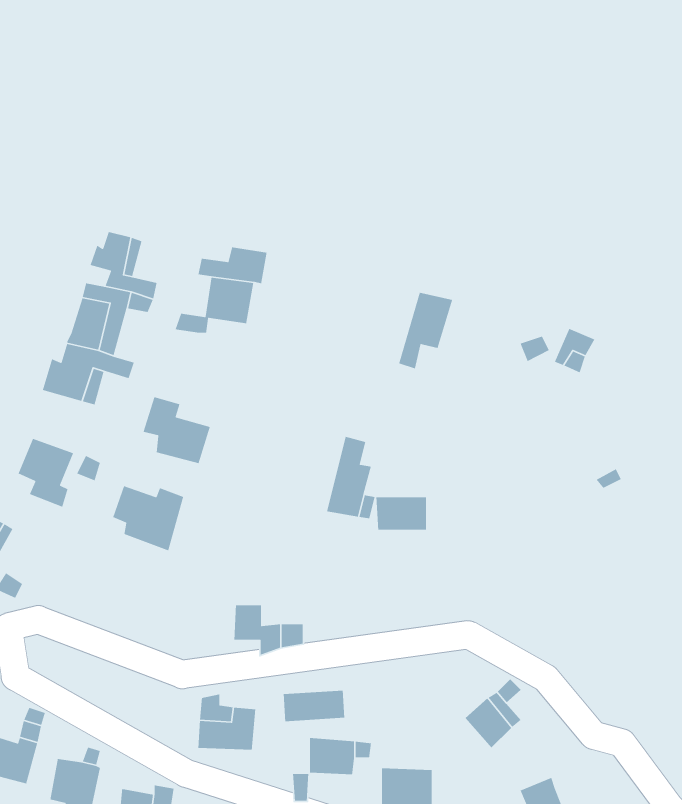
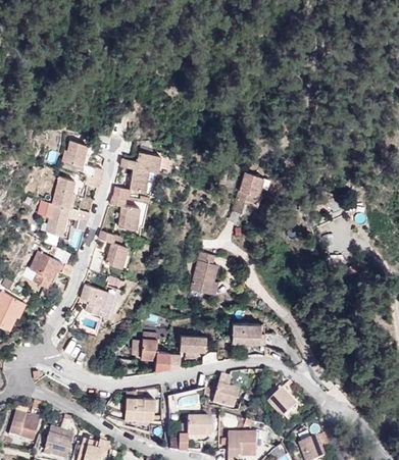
building: none -> [109,195,141,231]
building: [376,497,427,531] -> [226,325,253,344]
building: none -> [181,334,206,349]
building: none -> [212,380,236,409]

